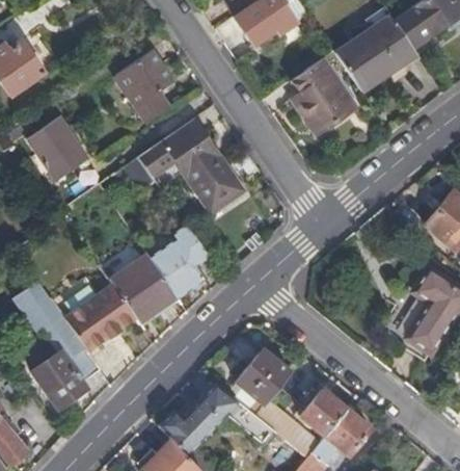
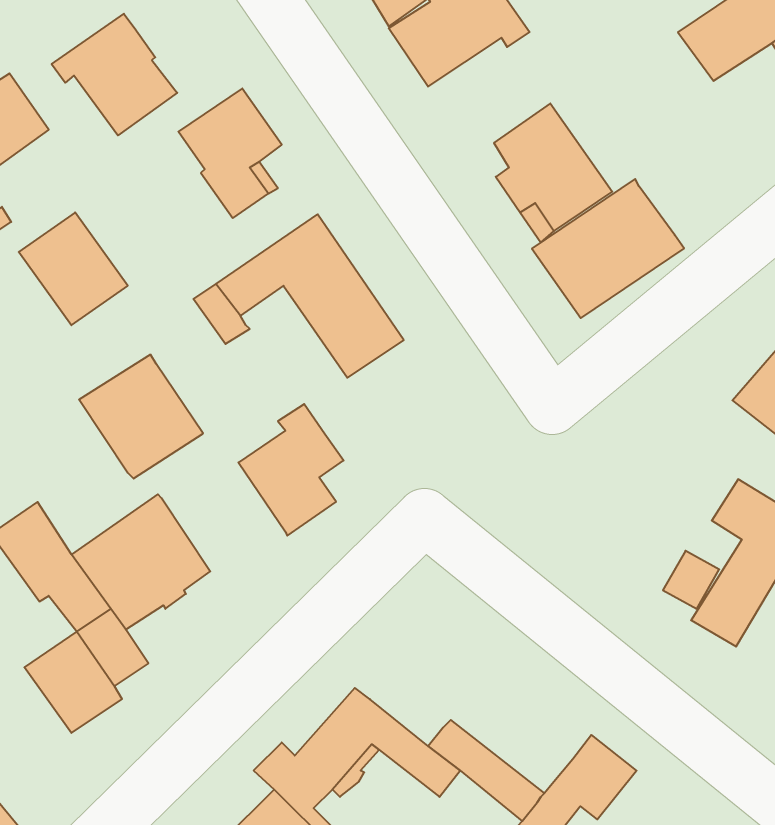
building: none -> [52,14,177,135]
building: [334,15,418,91] -> [532,179,684,318]
building: [108,252,177,320] -> [79,355,203,479]
building: [236,348,291,403] -> none
building: [301,389,346,435] -> none

